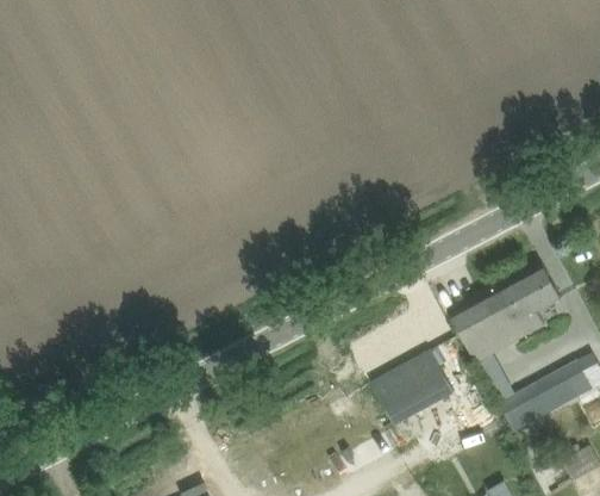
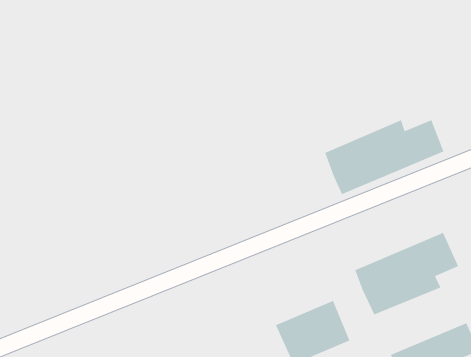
building: none -> [324,119,445,195]

